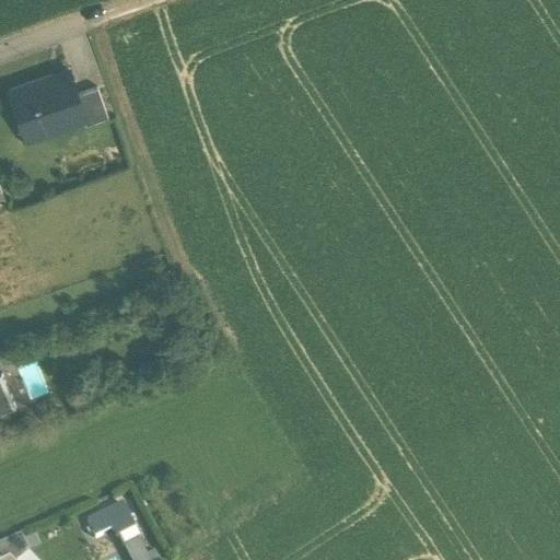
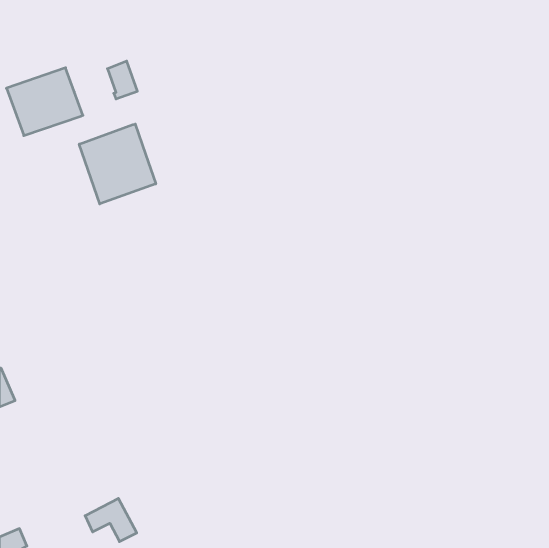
building: [75,88,106,126] -> [107,61,137,99]
building: none -> [79,124,156,204]

